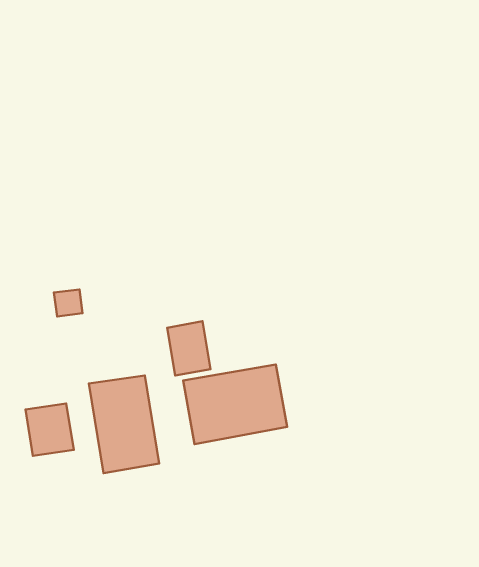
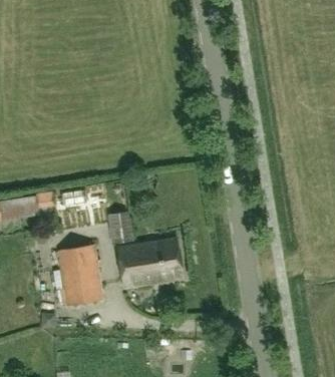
building: [26,404,74,456] -> none

